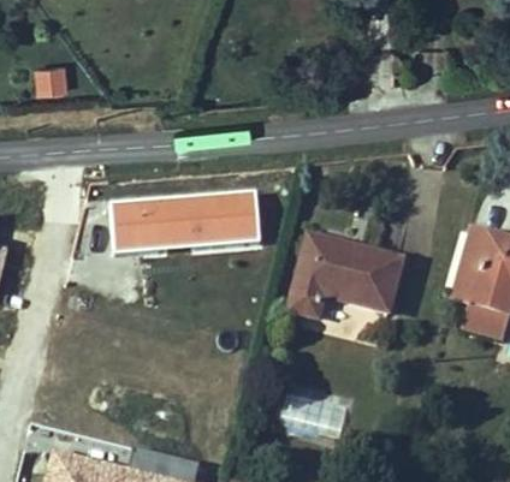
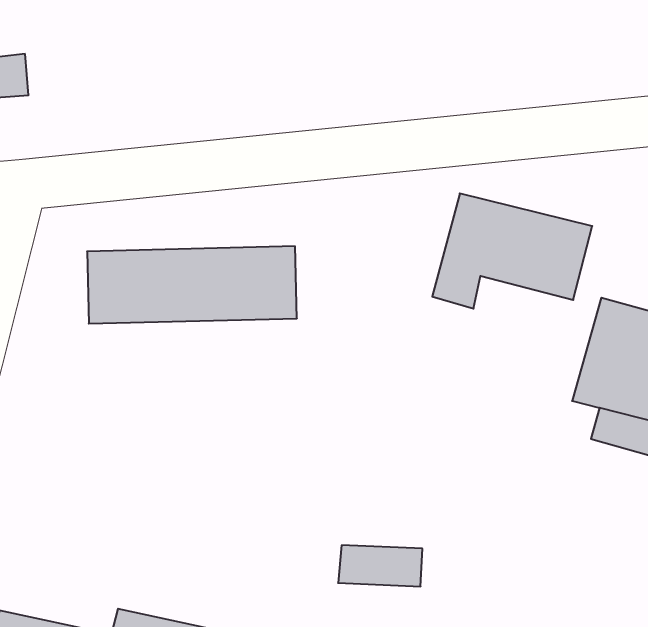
building: [289,240,401,321] -> [432,193,592,309]

